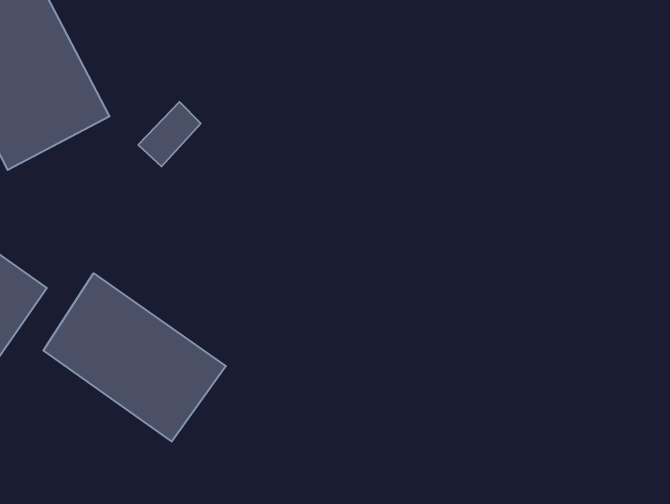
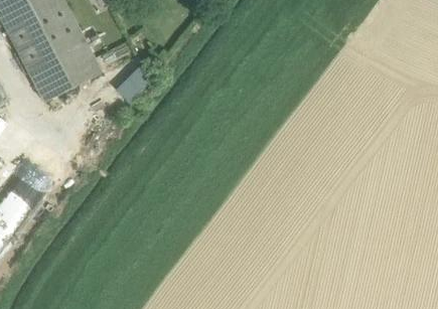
building: [43,273,226,442] -> none

